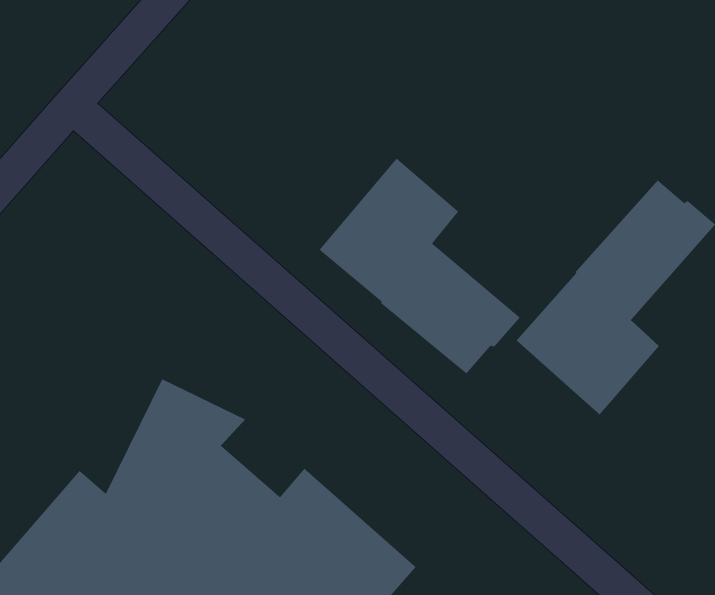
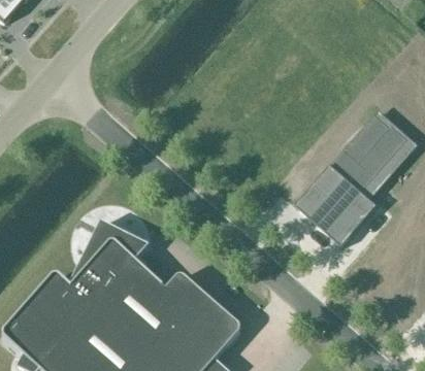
building: [319,158,521,375] -> none

